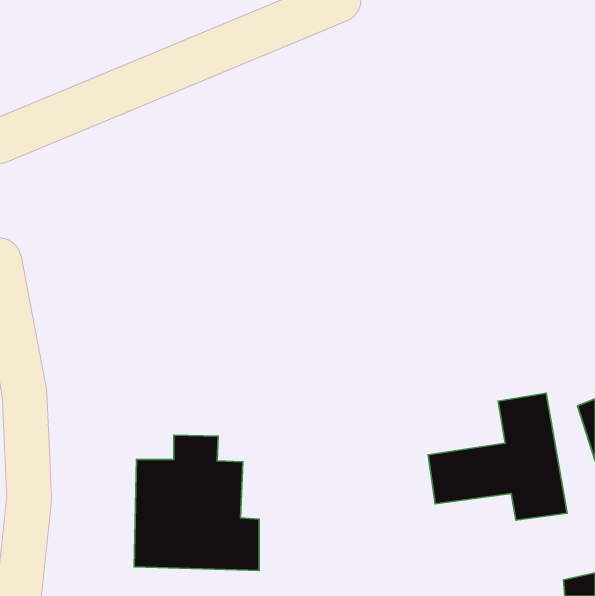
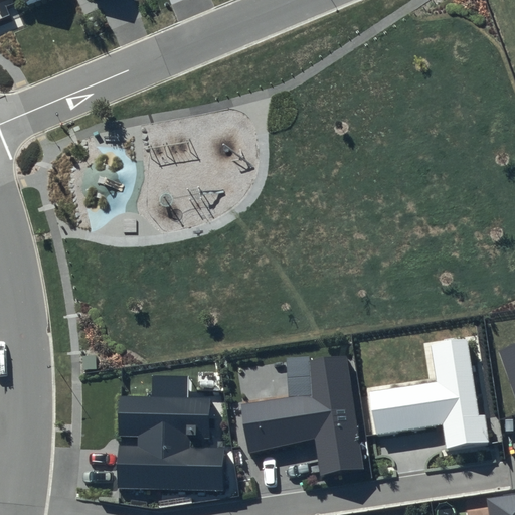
building: none -> [240,355,363,477]

